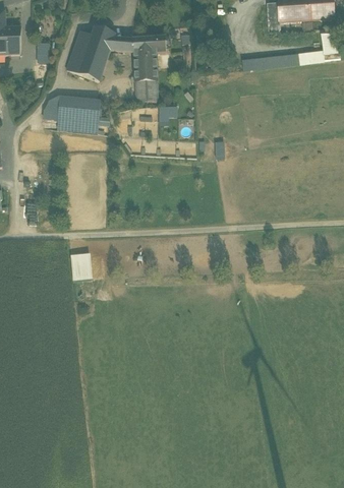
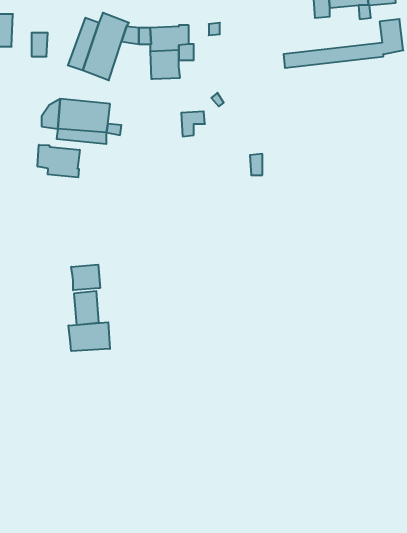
building: [135,78,159,101] -> none
building: none -> [38,145,80,177]
building: none -> [71,265,100,290]
building: none -> [69,322,110,351]

